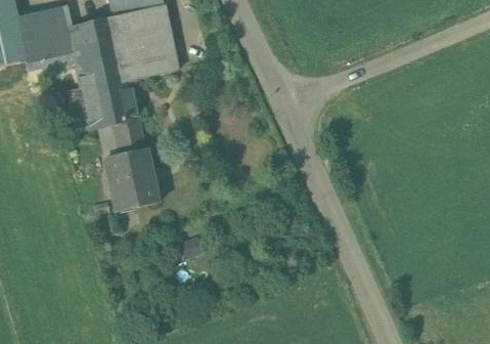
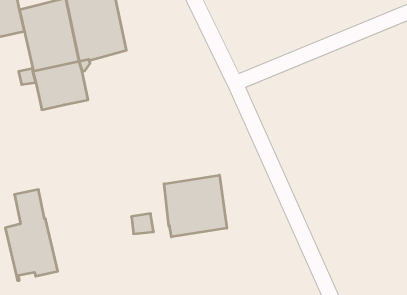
building: [104,119,158,211] -> [5,190,58,280]
building: none -> [164,175,227,237]

